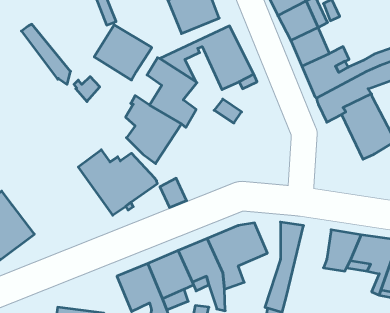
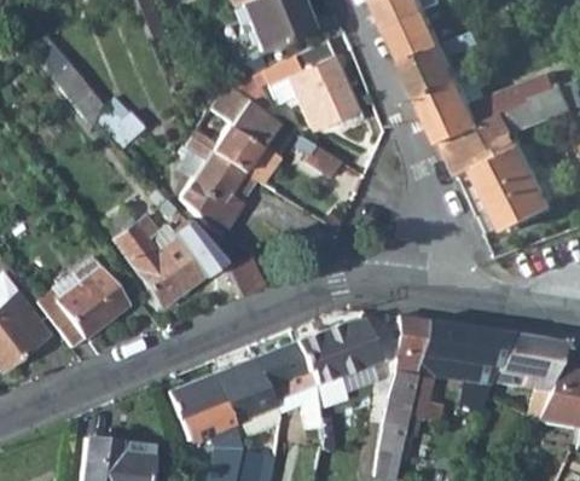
building: [94,25,151,80] -> none
building: none -> [39,259,130,348]
building: none -> [406,321,469,424]

